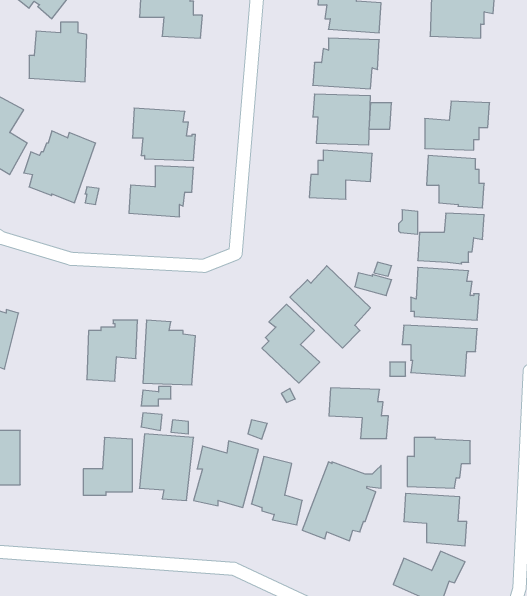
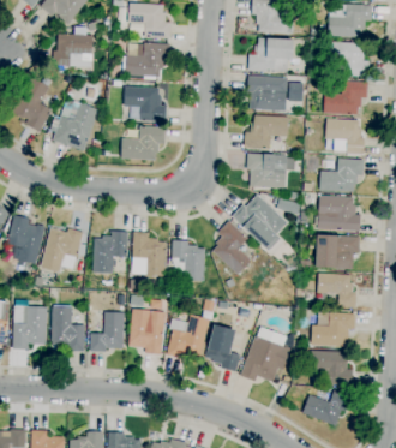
building: none -> [326,41,370,77]
building: none -> [122,42,170,79]
building: none -> [246,151,295,187]
building: none -> [40,227,84,271]
building: none -> [172,239,205,280]
building: [329,388,388,439] -> [317,273,358,307]
building: none -> [50,304,85,351]

